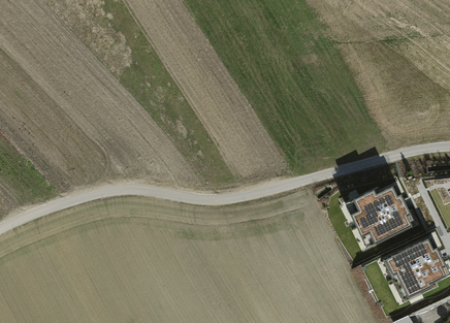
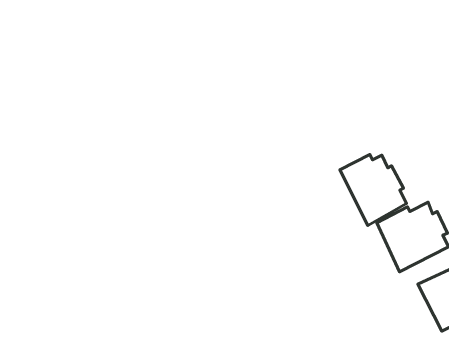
building: none -> [340,154,407,225]

